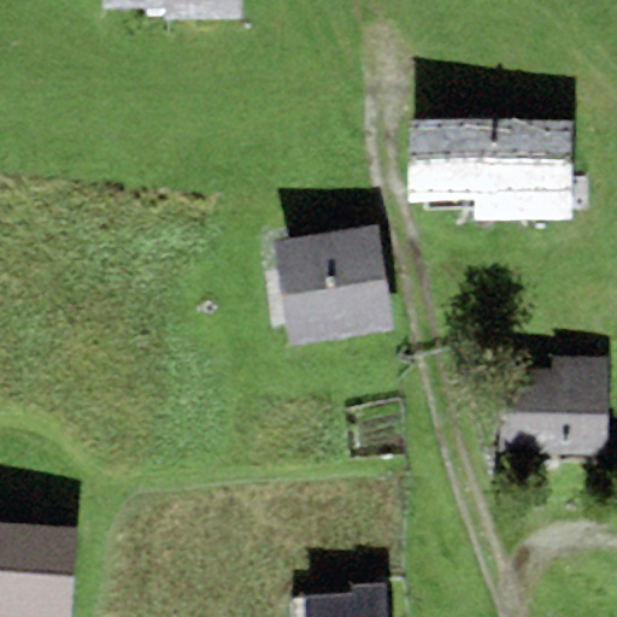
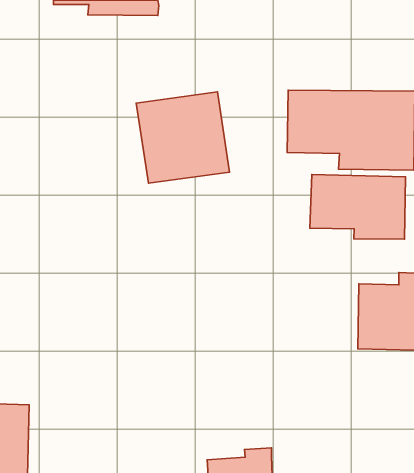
building: [272,225,393,343] -> [136,92,229,183]
building: none -> [310,175,406,239]

